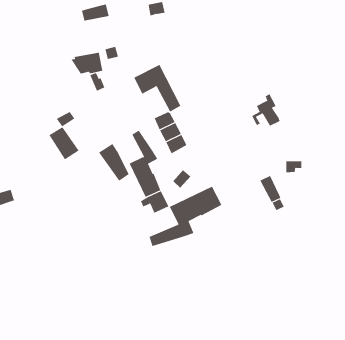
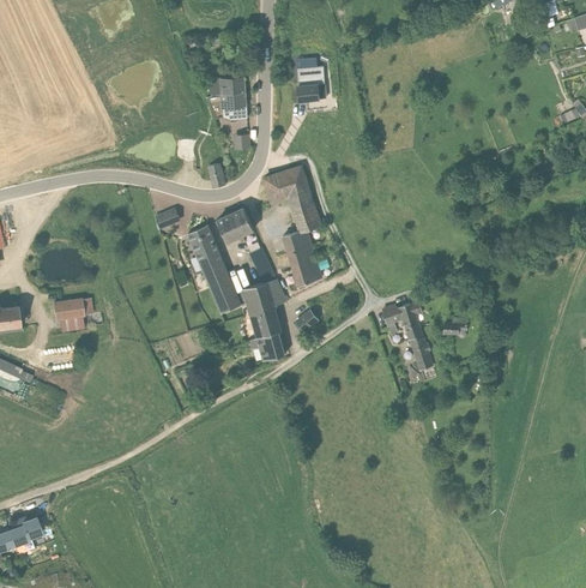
building: [70,52,103,74] -> [206,92,247,119]
building: [251,94,281,127] -> [387,295,424,338]
building: none -> [217,208,254,241]
building: [49,127,79,160] -> [187,224,224,269]
building: [149,186,222,247] -> none

